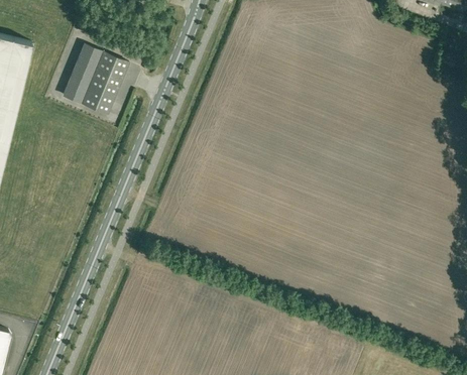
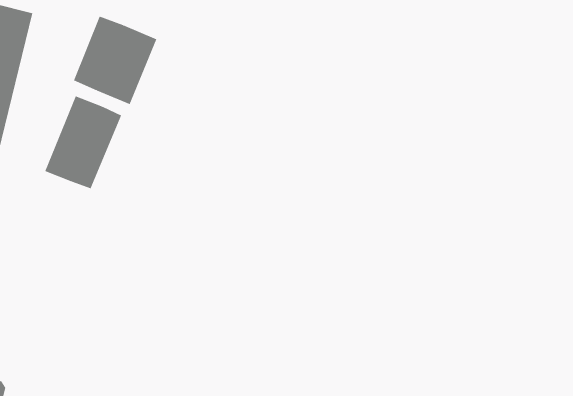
building: none -> [44,96,122,189]

